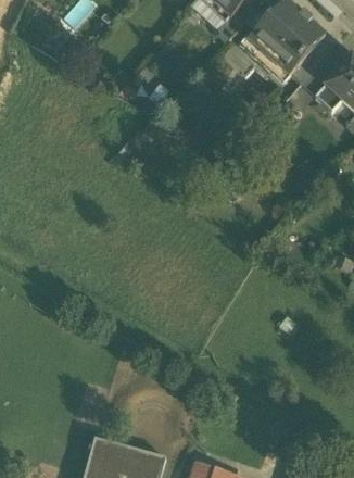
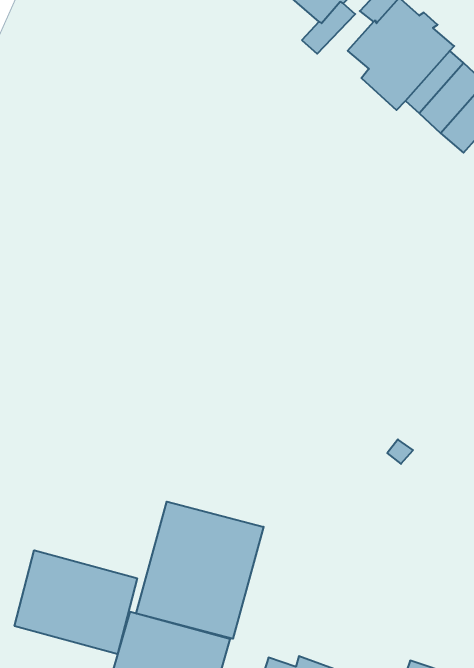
building: none -> [136,502,264,639]
building: none -> [15,550,137,654]

